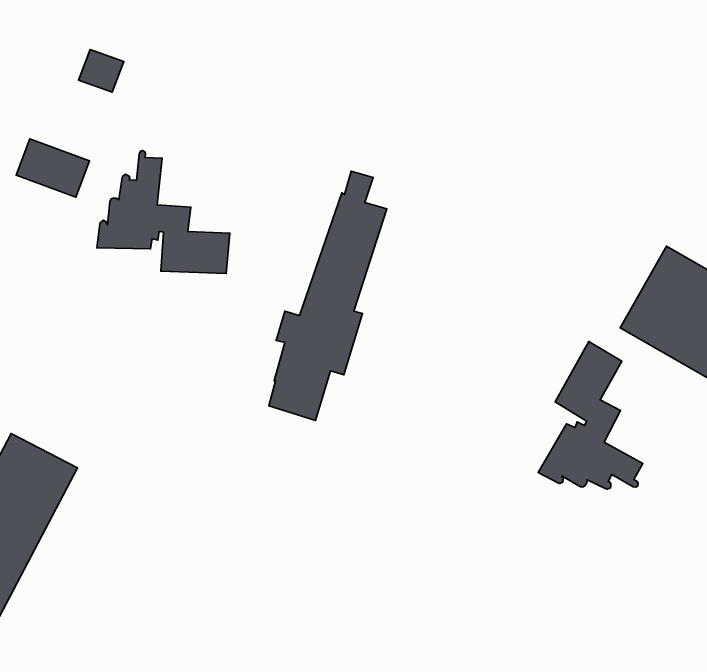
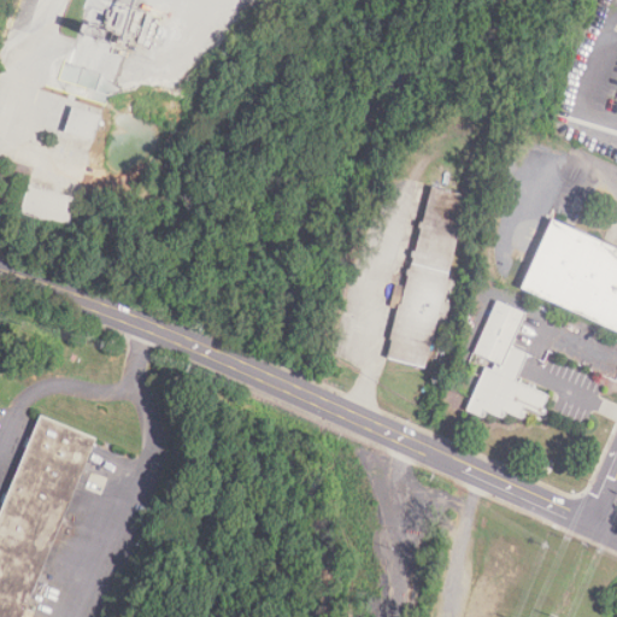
building: [97,151,230,273] -> none
building: [269,171,387,420] -> [387,166,468,369]

